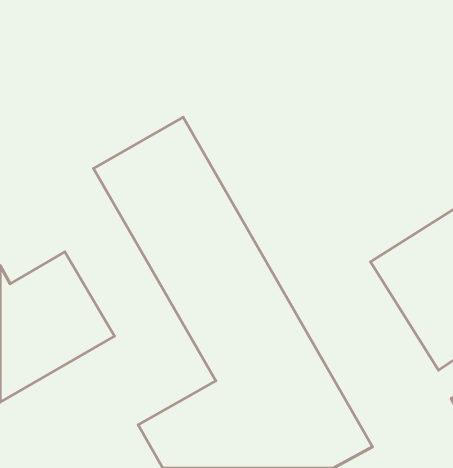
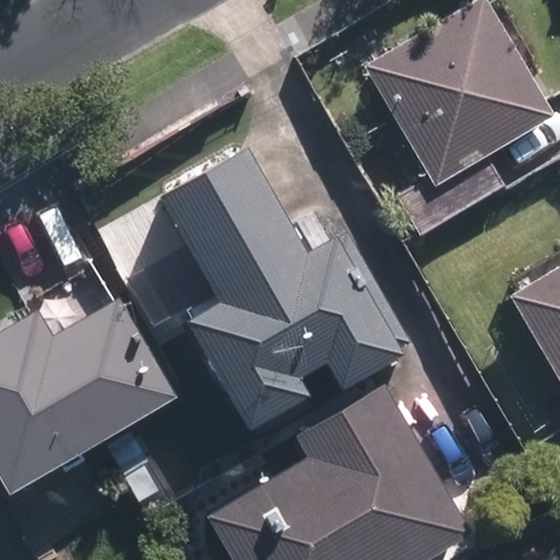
building: none -> [325,8,530,208]

